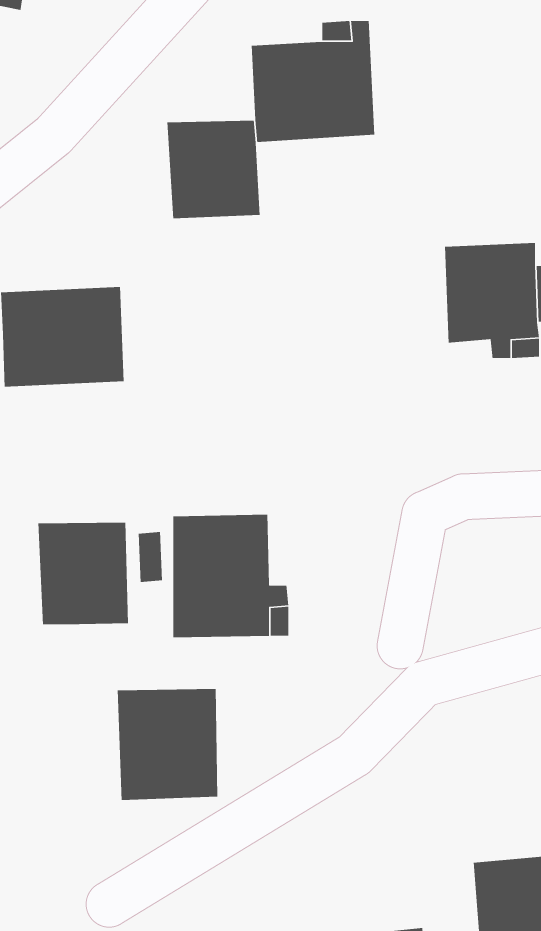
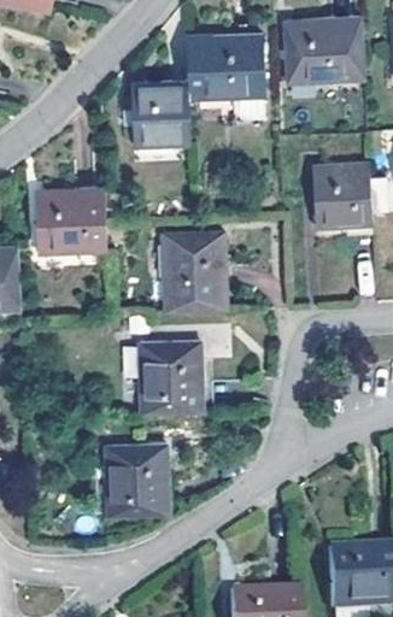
building: none -> [286,13,365,77]
building: none -> [164,231,227,310]
building: [38,522,129,625] -> none

